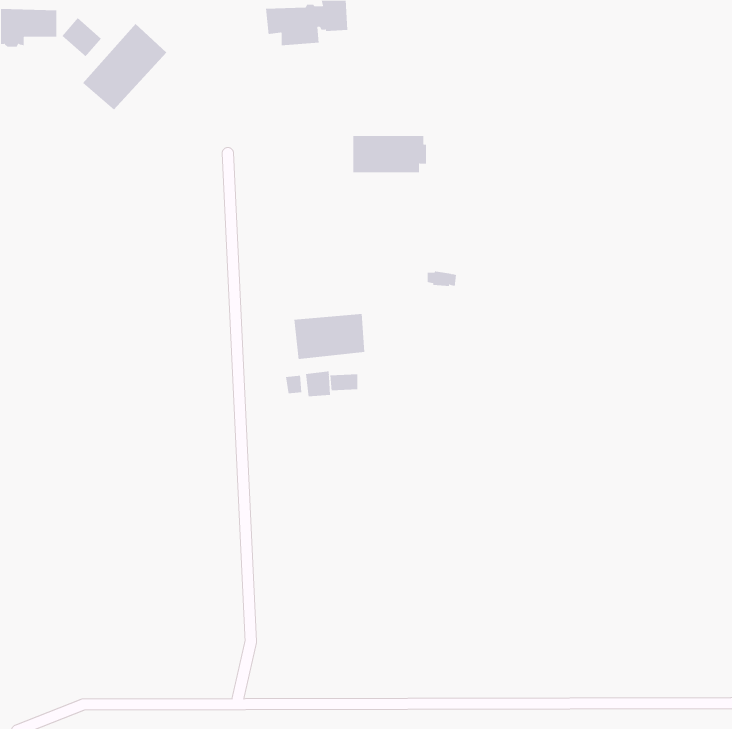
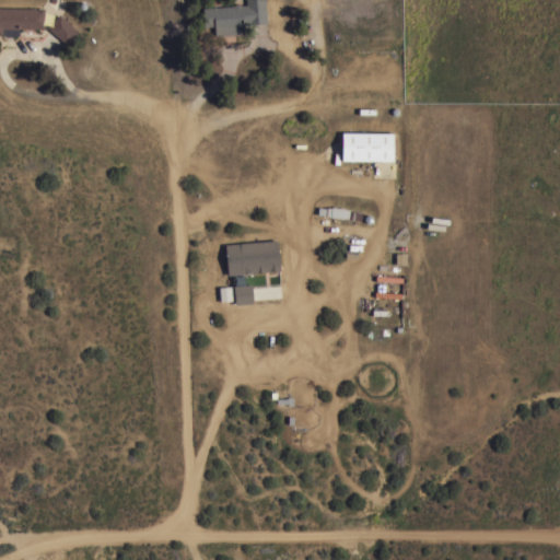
building: [82,23,167,111] -> none
building: [352,135,427,173] -> [341,133,398,162]

